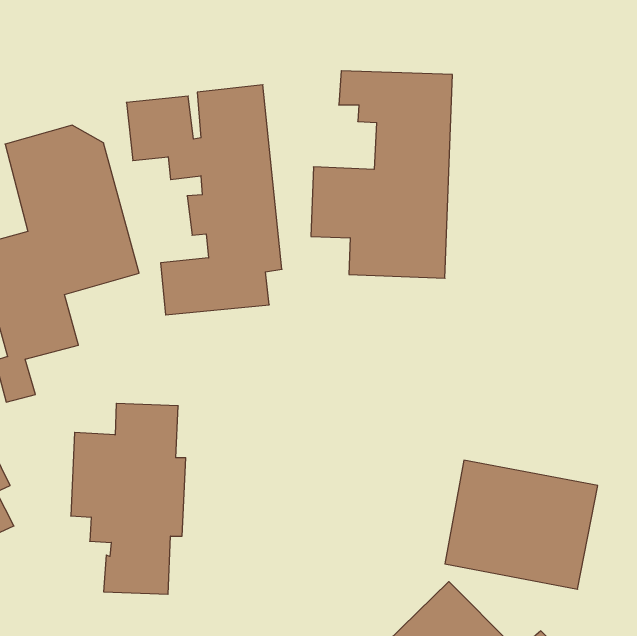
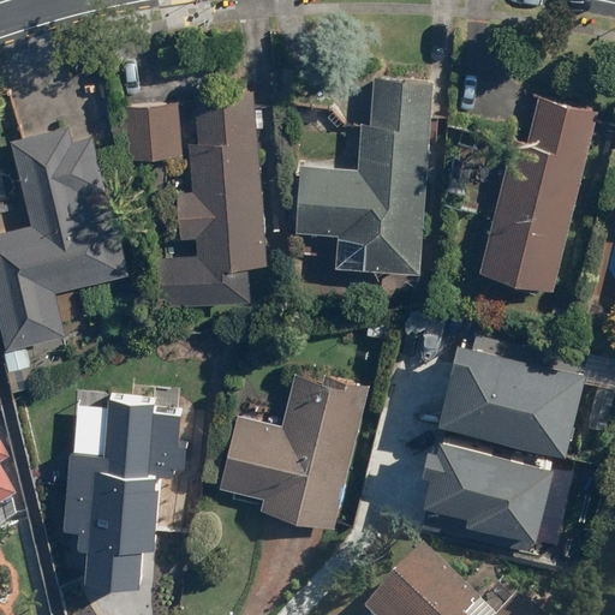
building: none -> [477,98,591,294]
building: none -> [441,348,586,471]
building: none -> [213,371,364,532]

